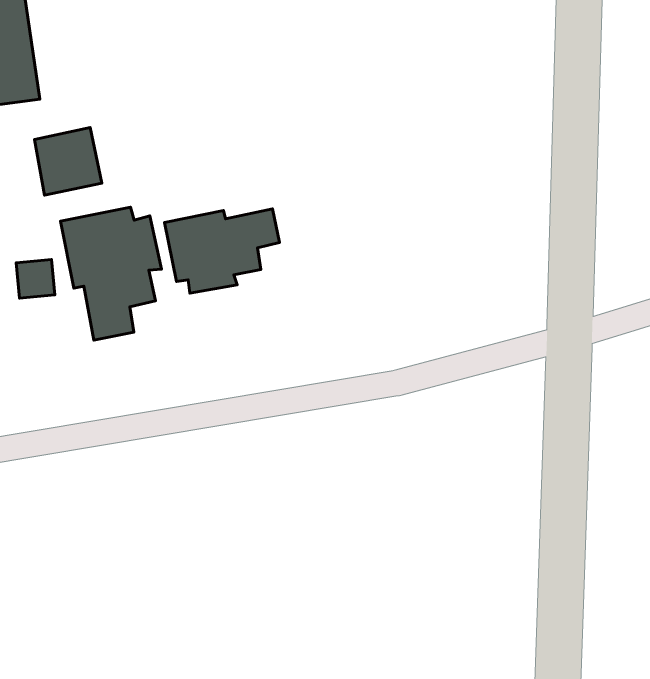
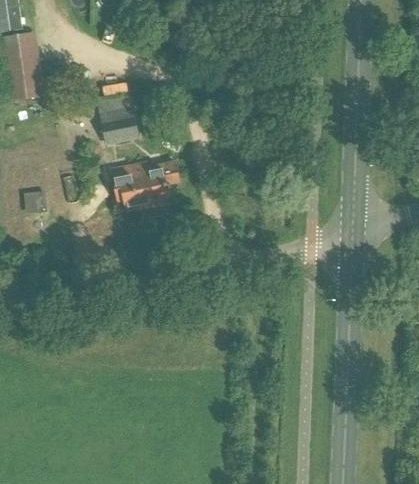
building: [34,128,102,195] -> [100,104,140,144]
building: [60,207,162,340] -> none

